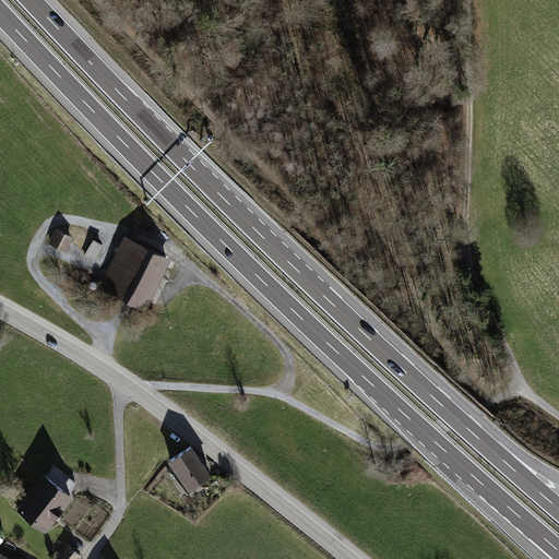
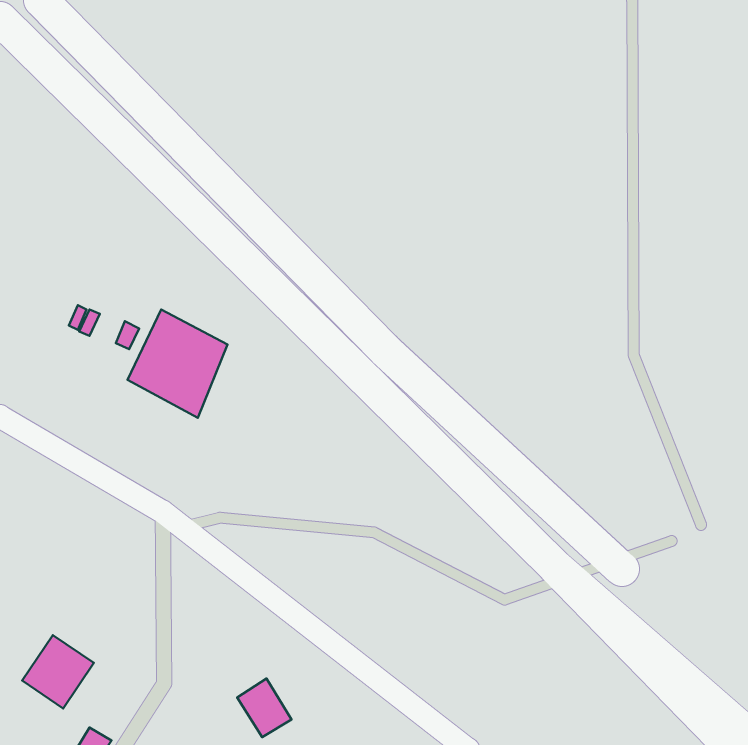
building: [171,450,212,493] -> [237,678,291,737]

